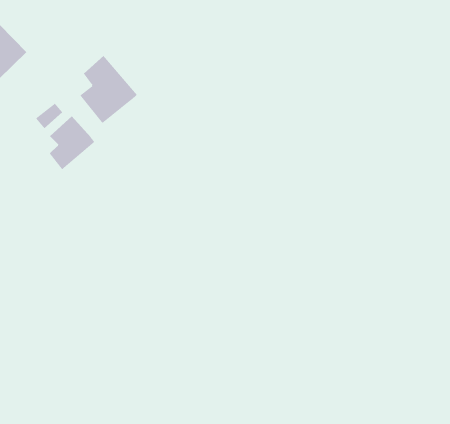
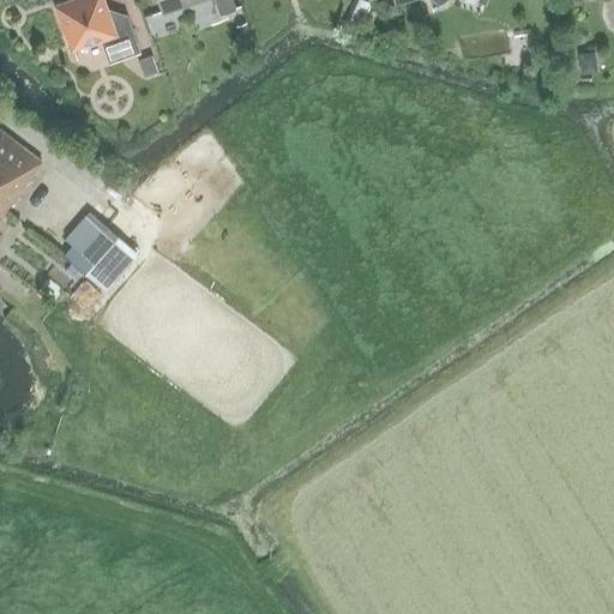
building: [80,55,137,124] -> none

